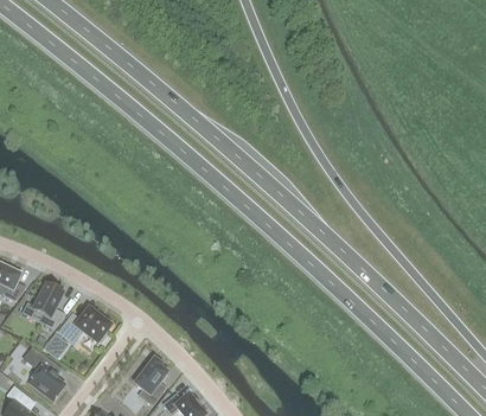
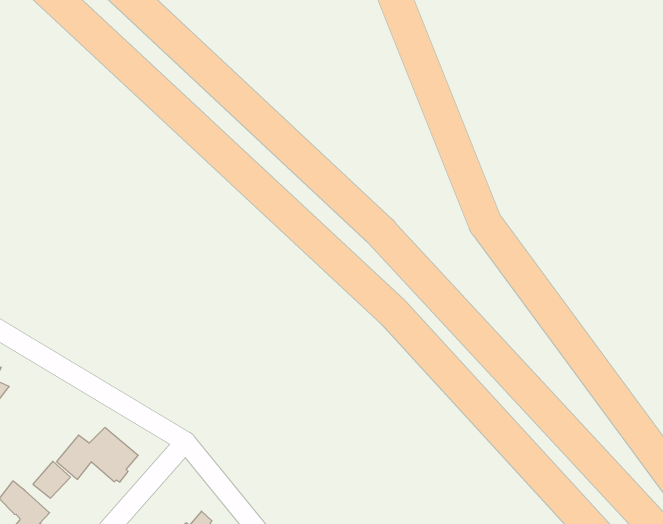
building: [32,284,64,329] -> none

